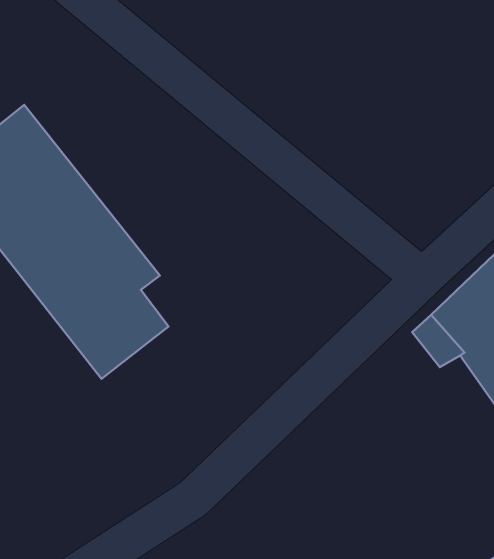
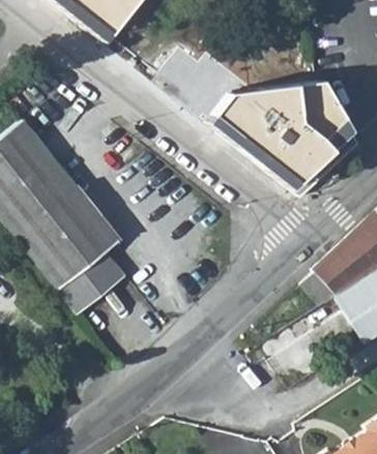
building: none -> [205,82,350,196]

